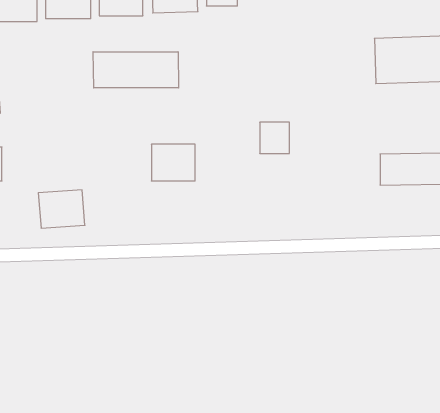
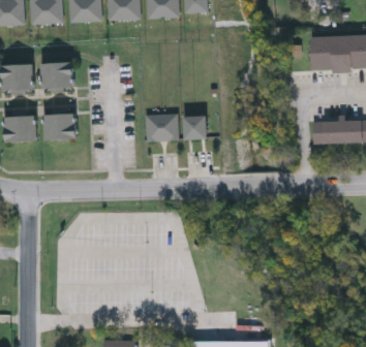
building: [93,52,179,88] -> none
building: none -> [41,61,73,90]
building: [260,122,289,153] -> [184,116,206,138]
building: [38,190,85,228] -> [43,113,78,140]

